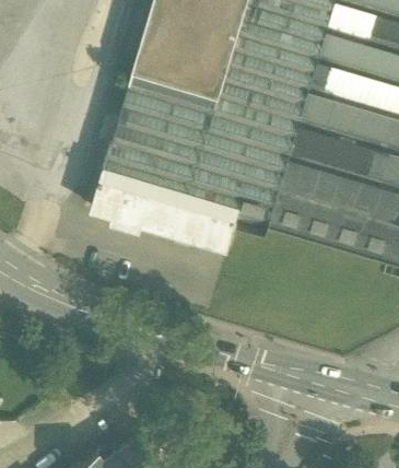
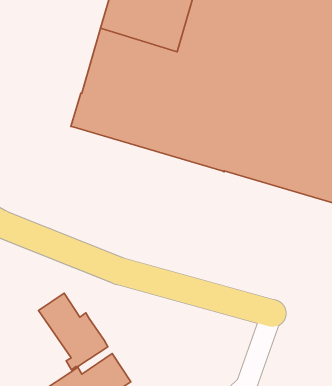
building: [91,178,268,250] -> none
building: none -> [39,293,108,370]

